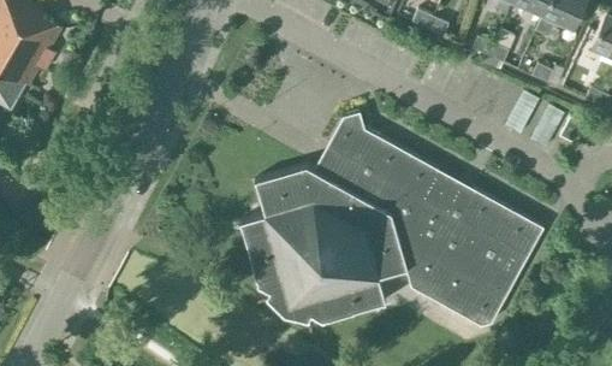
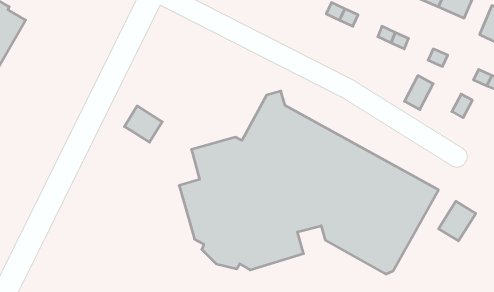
building: none -> [124,106,162,142]
building: none -> [439,201,476,241]

